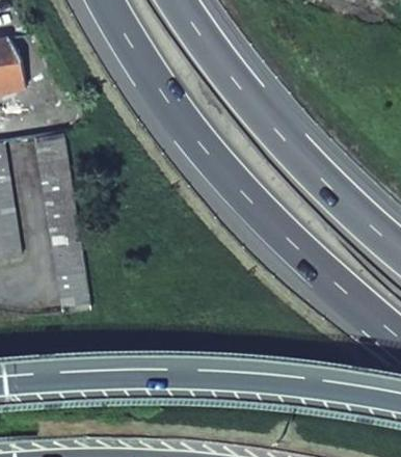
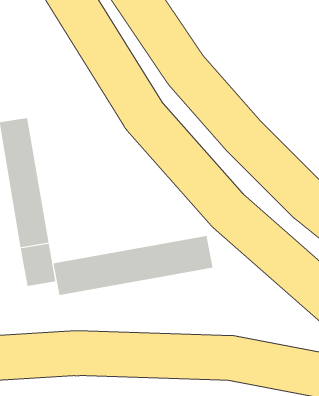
building: none -> [53,235,213,296]

